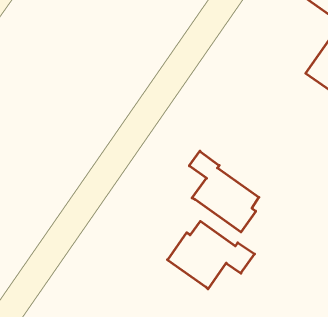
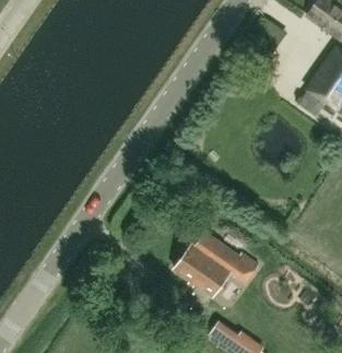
building: [189,151,259,232] -> none

